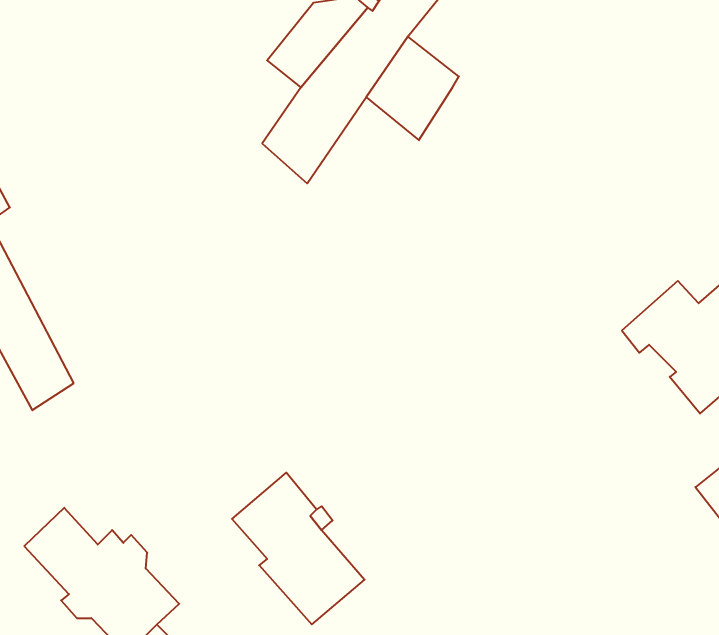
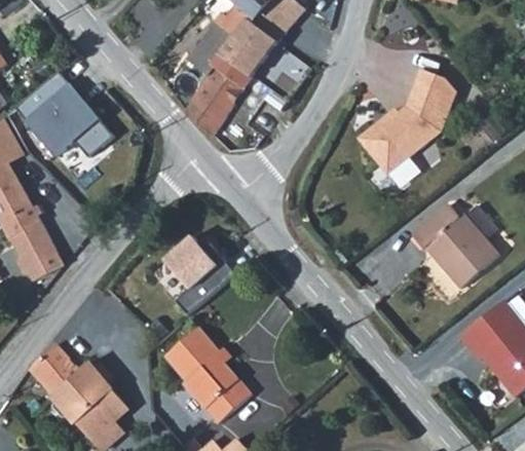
building: none -> [357,67,454,173]
building: none -> [17,73,116,160]
building: none -> [167,235,236,320]

